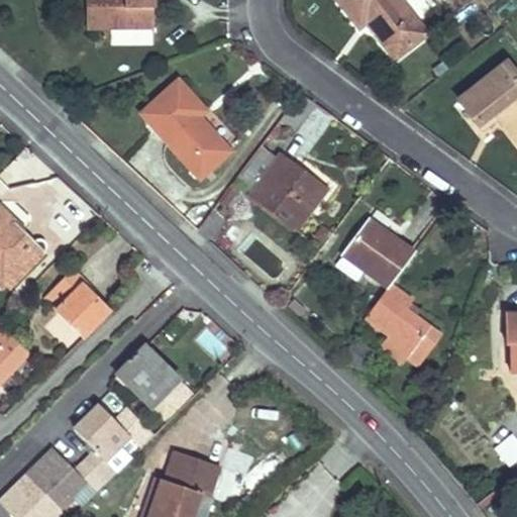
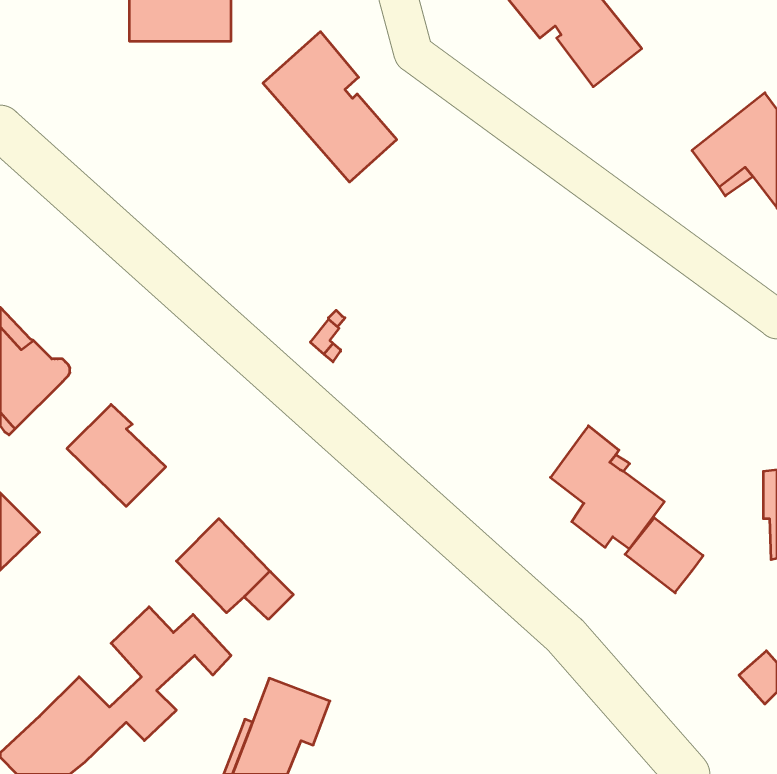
building: [141,79,230,179] -> [263,32,397,182]
building: [235,145,327,229] -> none
building: [338,218,414,287] -> none
building: none -> [625,518,703,593]

